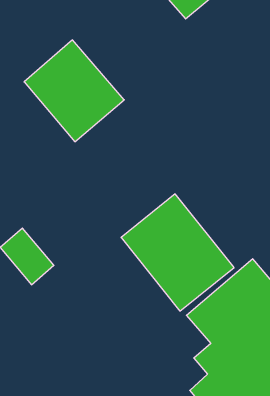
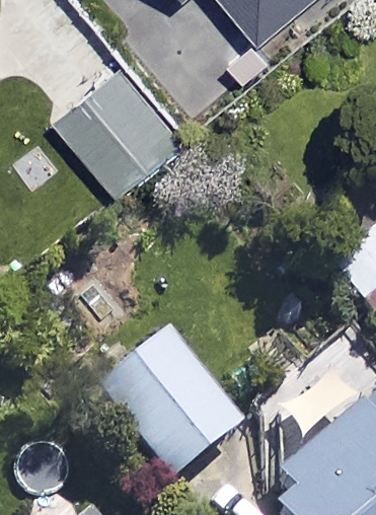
building: [121,194,234,311] -> [99,336,241,483]

